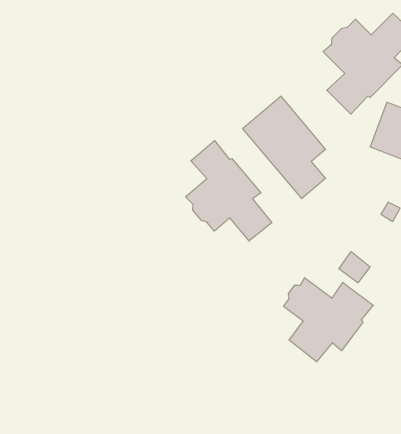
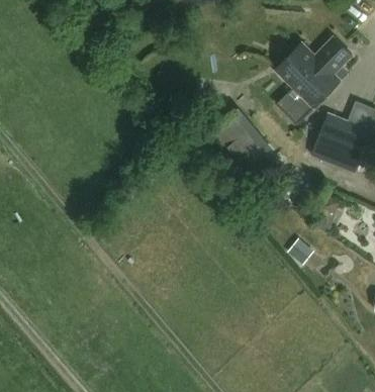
building: [186,141,272,241] -> none
building: [284,278,373,362] -> none

